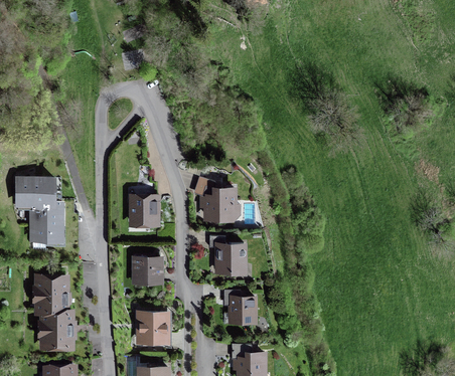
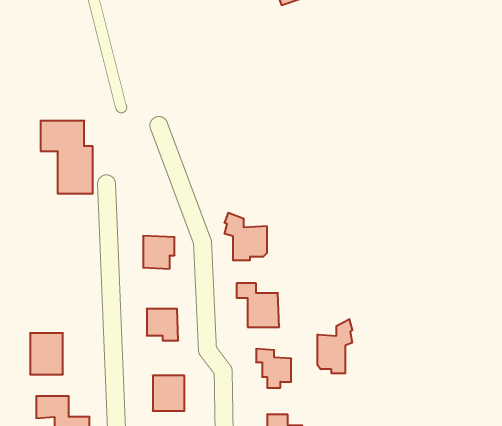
building: [17,180,60,240] -> [41,121,93,194]
building: none -> [318,319,352,373]
building: [42,313,69,331] -> none

